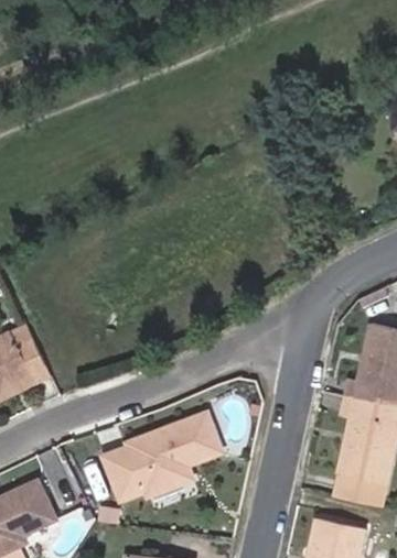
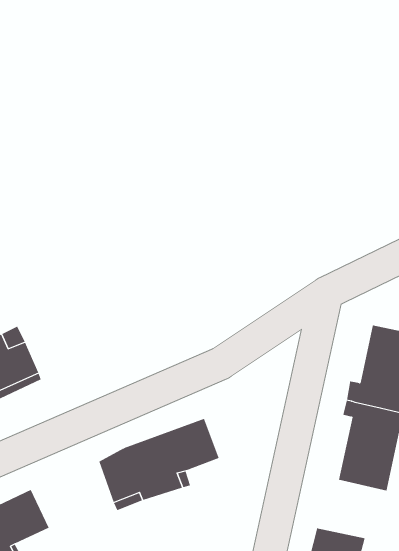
building: [332,472,384,506] -> none

